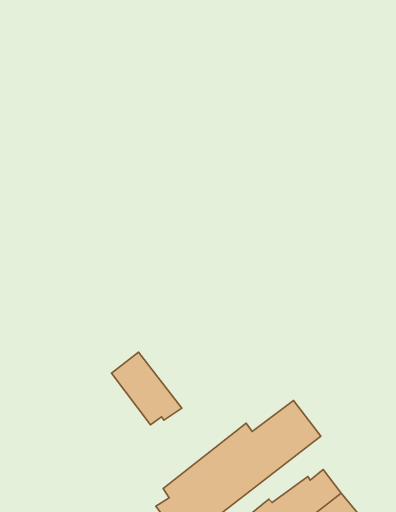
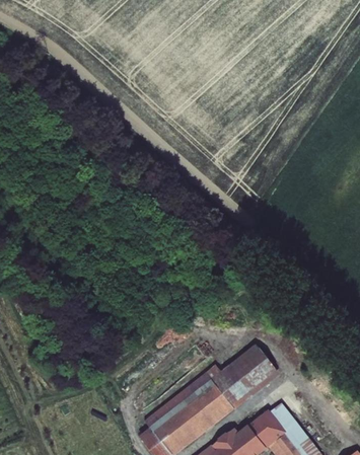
building: [112,352,182,425] -> none

